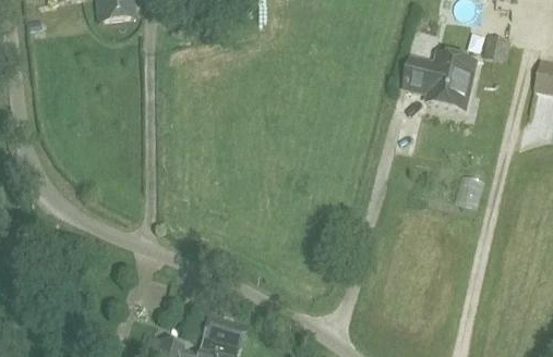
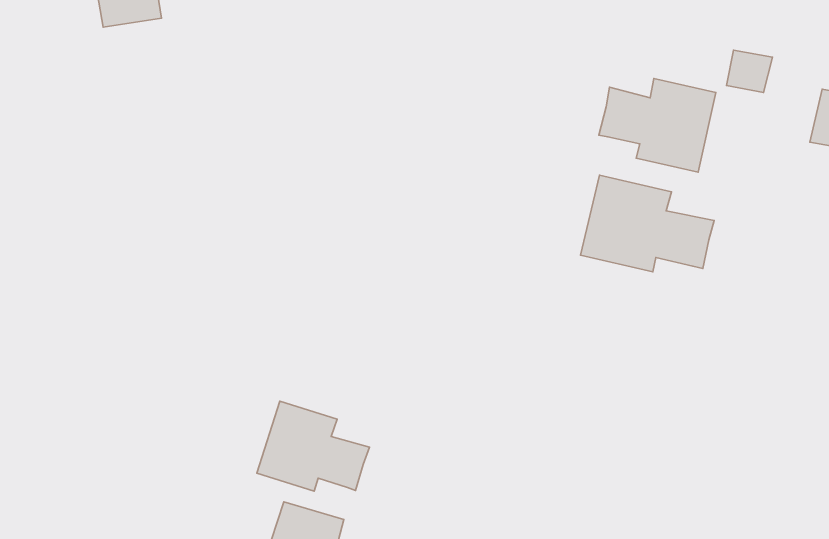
building: none -> [580,175,714,272]
building: none -> [257,401,369,491]

